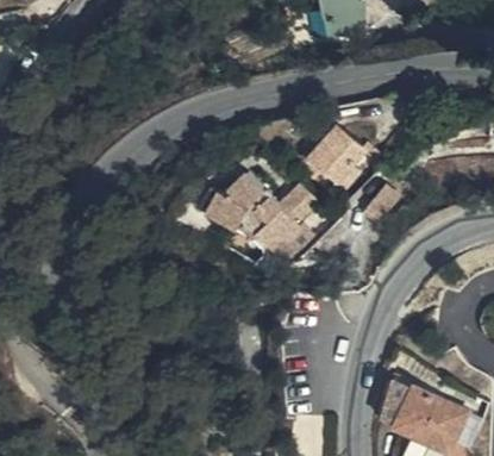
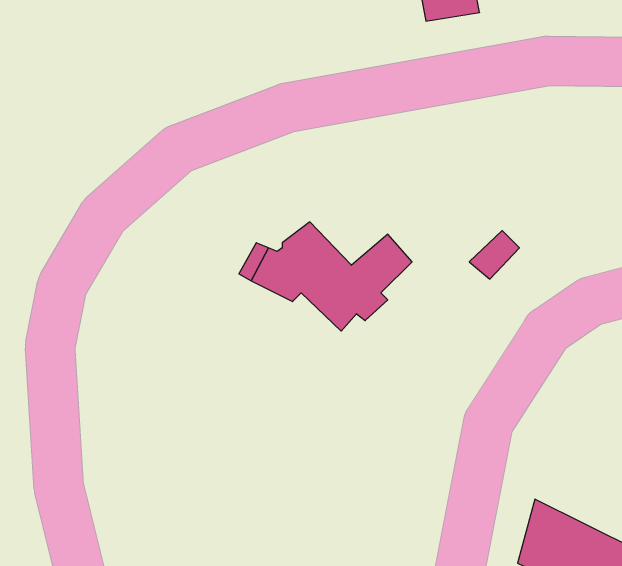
building: [302,130,373,194] -> none

